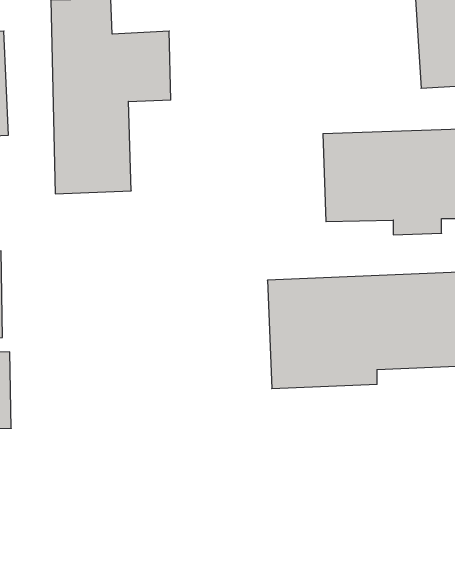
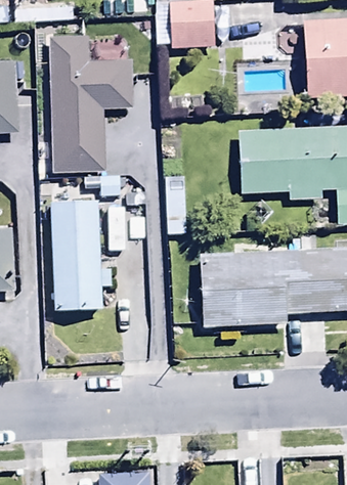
building: none -> [48,181,107,295]

